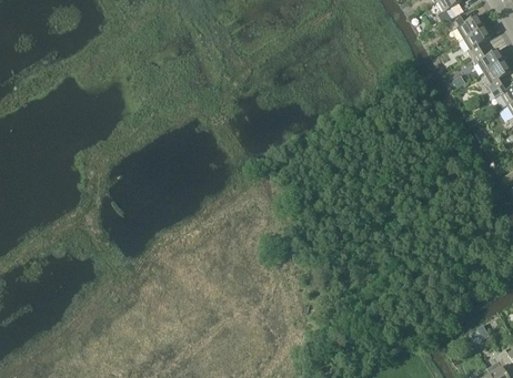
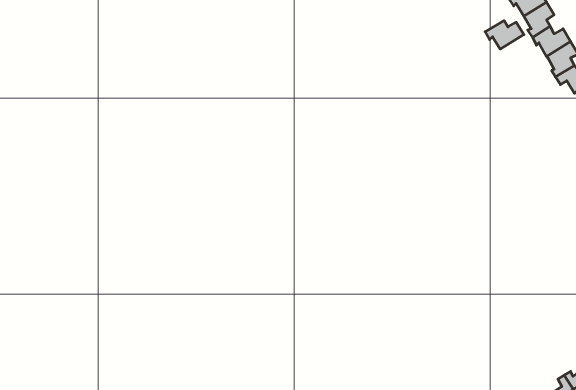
building: none -> [485,21,524,49]

